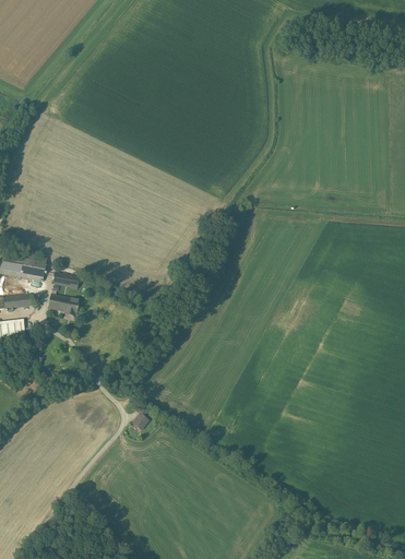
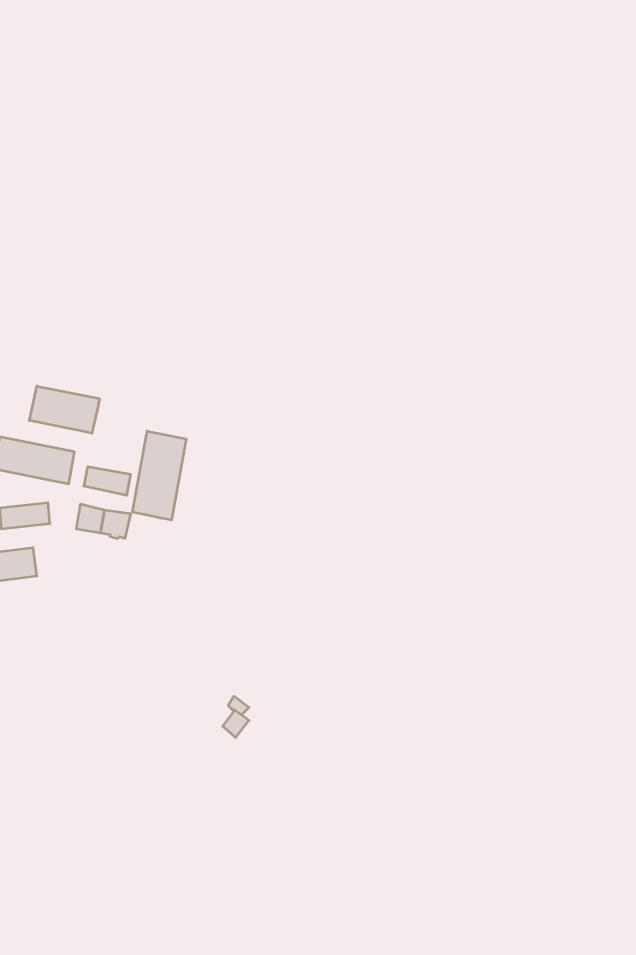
building: none -> [29,386,99,433]
building: none -> [132,431,186,520]

